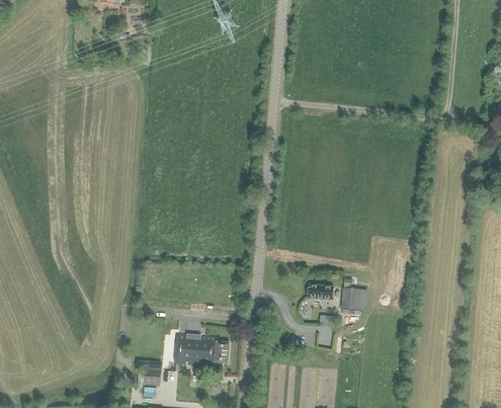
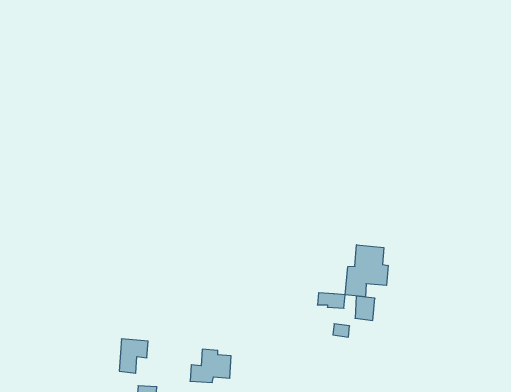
building: none -> [345,245,388,297]
building: [175,334,201,365] -> [119,339,148,373]

